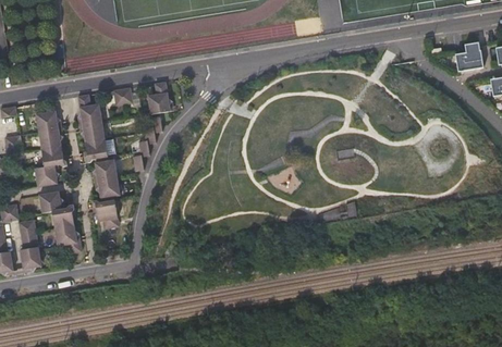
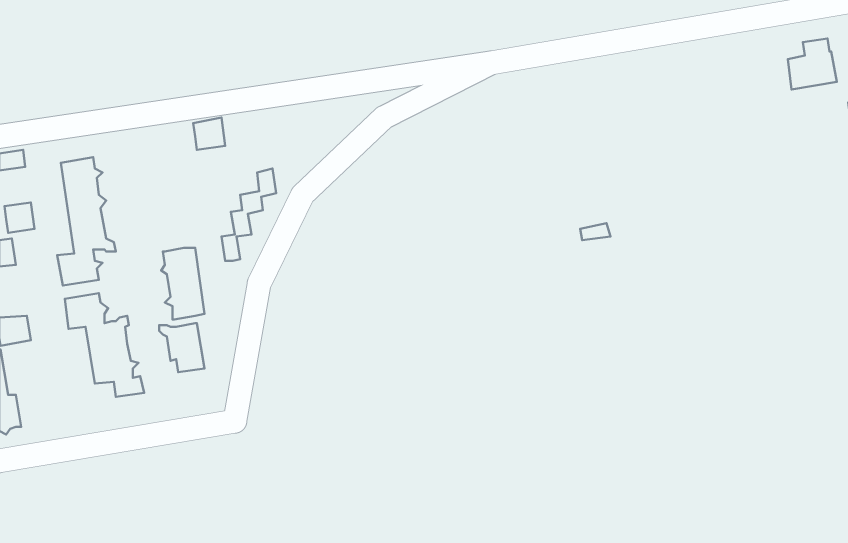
building: [146,82,171,114] -> none
building: [77,94,107,164] -> none
building: [19,215,40,265] -> none

